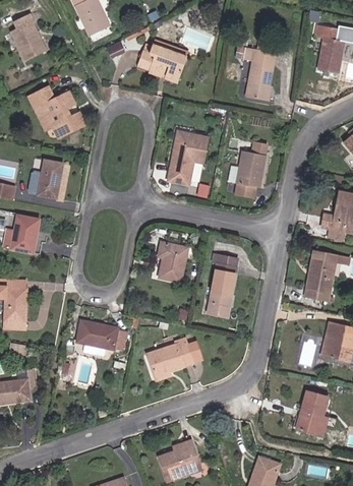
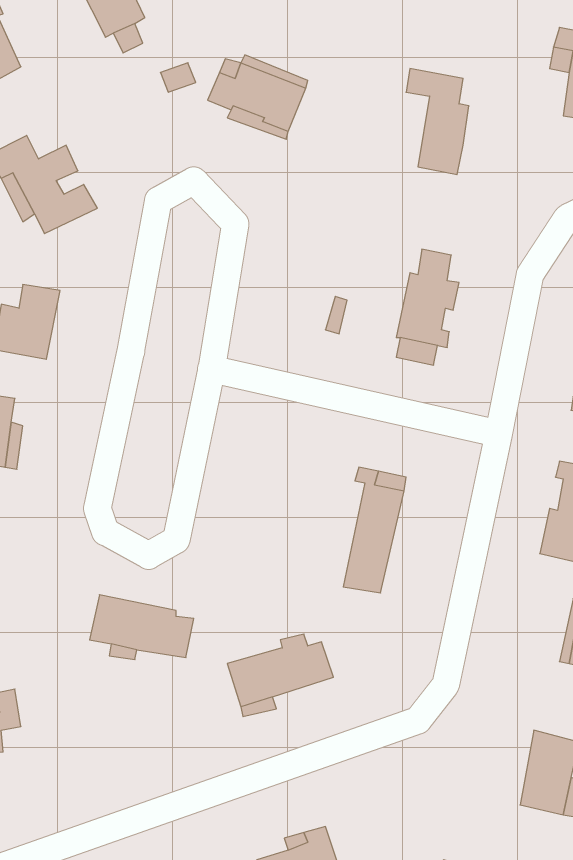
building: [165,127,208,184] -> none
building: [161,243,187,283] -> none

